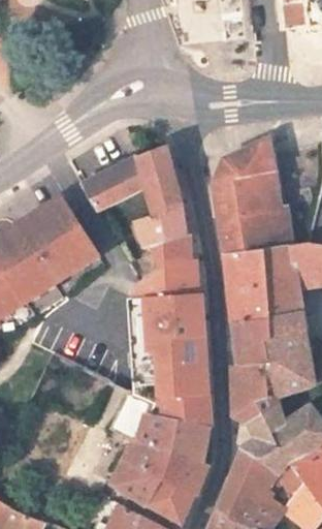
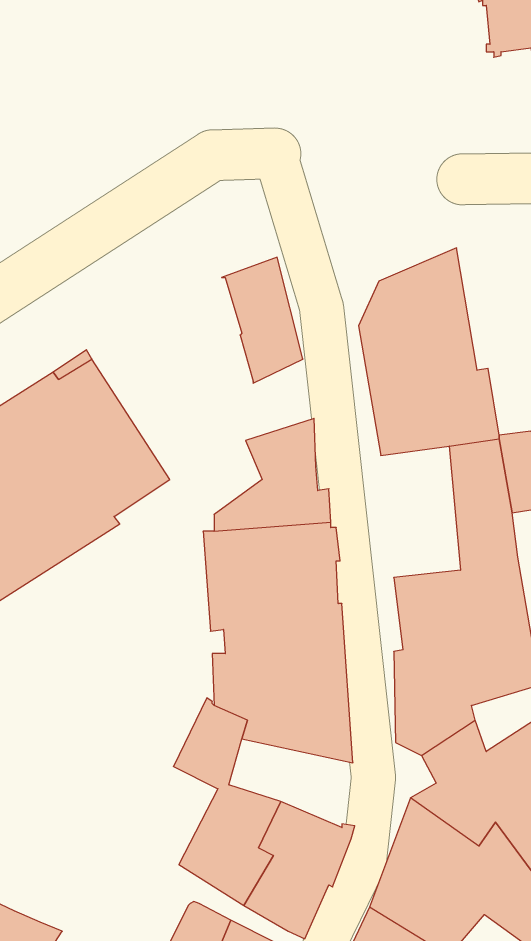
building: [80,156,147,212] -> none
building: [134,201,187,248] -> none
building: [224,250,268,323] -> none
building: [139,413,208,463] -> none

